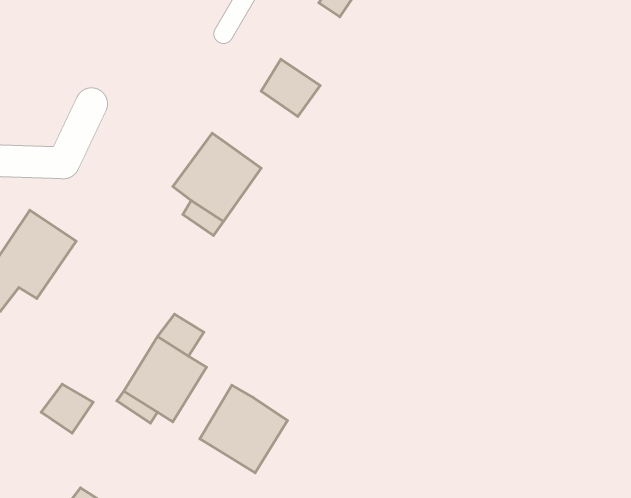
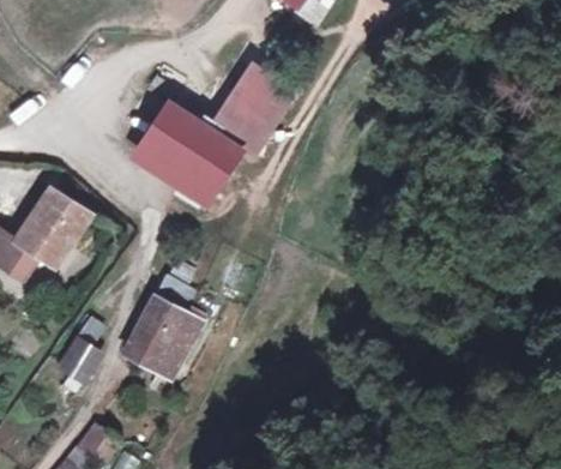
building: none -> [211,84,279,155]
building: none -> [135,100,203,168]
building: [200,385,288,473] -> none

